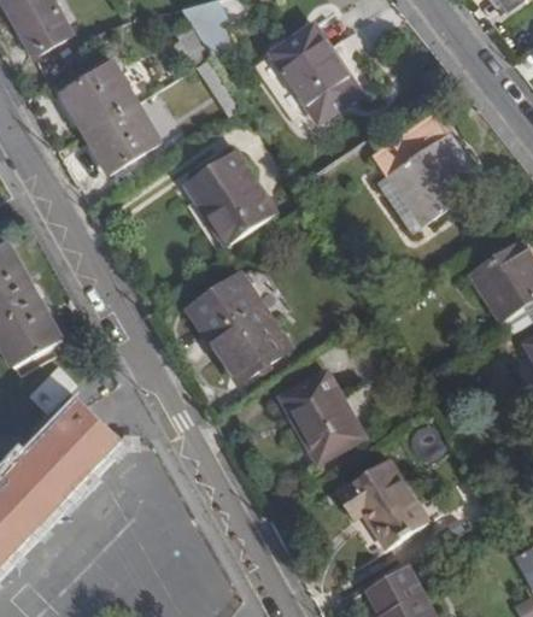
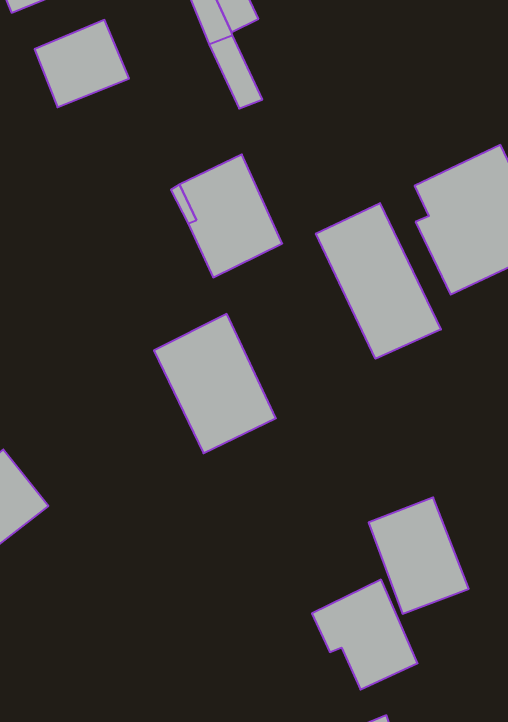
building: [251,23,358,124] -> none
building: [86,102,160,170] -> none
building: none -> [316,203,441,359]
building: [280,370,364,463] -> [369,497,469,614]

